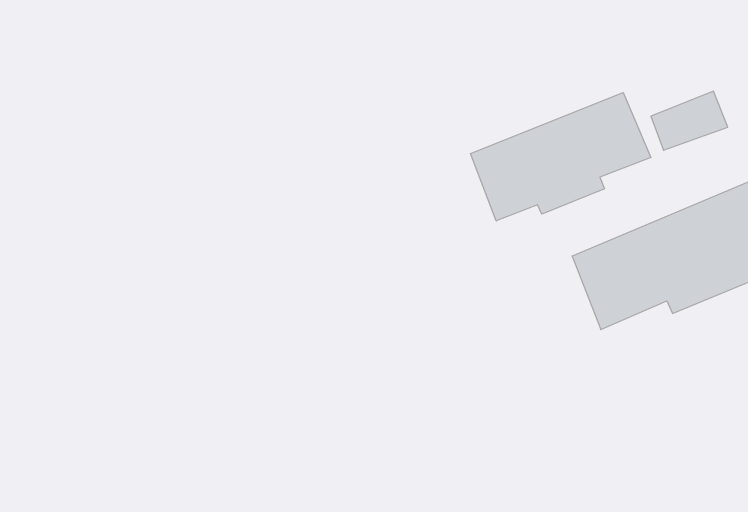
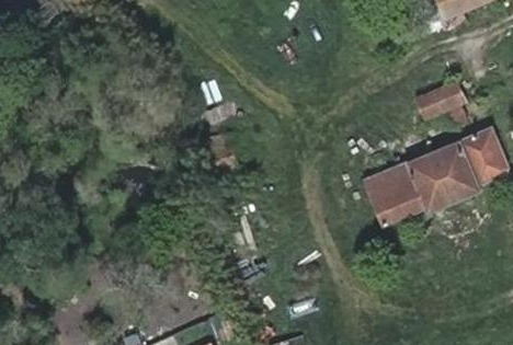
building: [471,93,651,221] -> none

